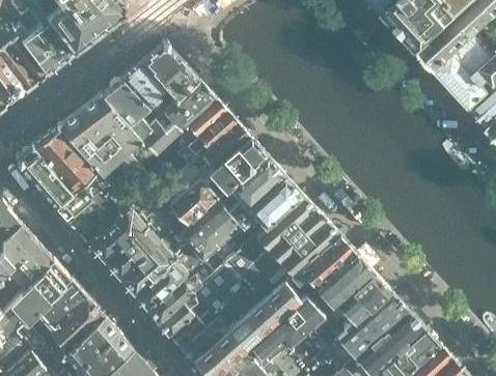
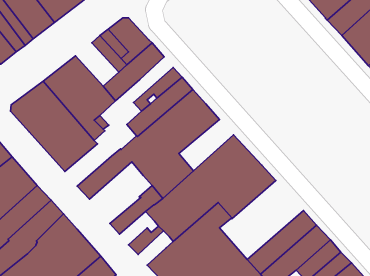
building: [100,78,155,133] -> none
building: [161,95,224,160] -> none
building: [231,175,301,240] -> none
building: [86,204,145,260] -> none
building: [117,229,186,308] -> none
building: [283,253,390,353] -> none
building: [156,292,200,335] -> none
building: [180,317,219,360] -> none

